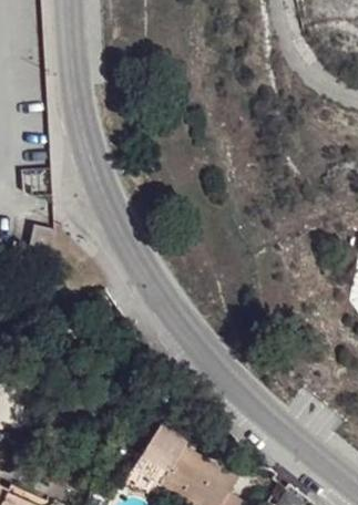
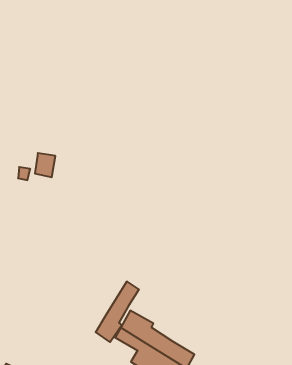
building: none -> [96,281,139,342]

